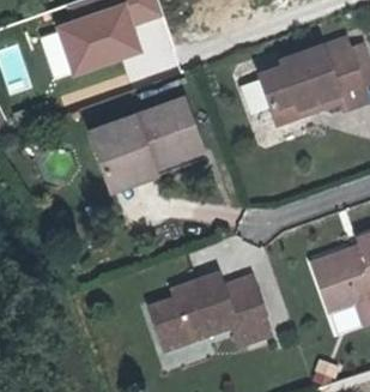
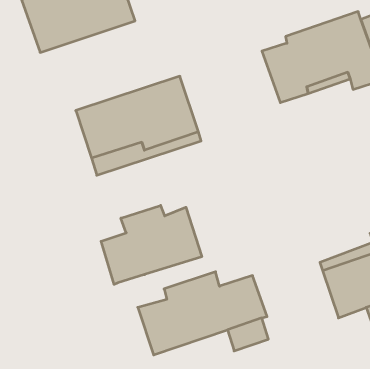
building: none -> [101,205,202,284]

